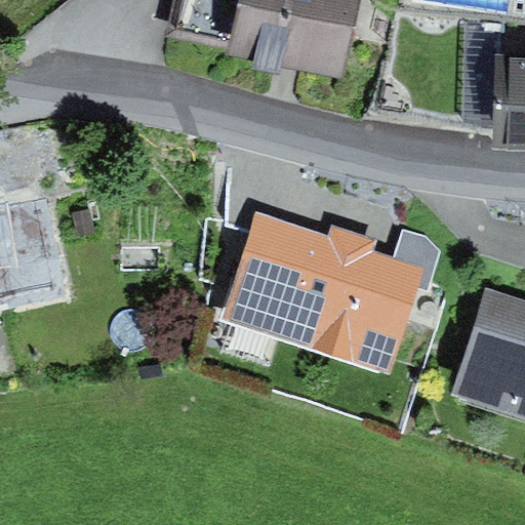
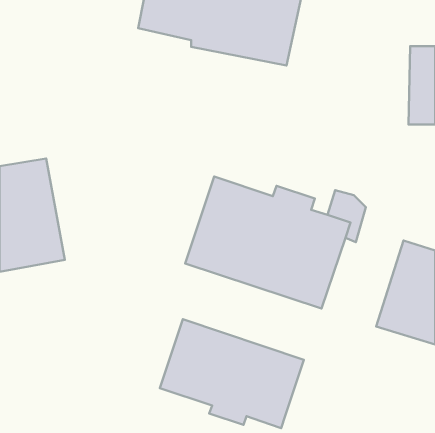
building: none -> [160,319,304,428]

